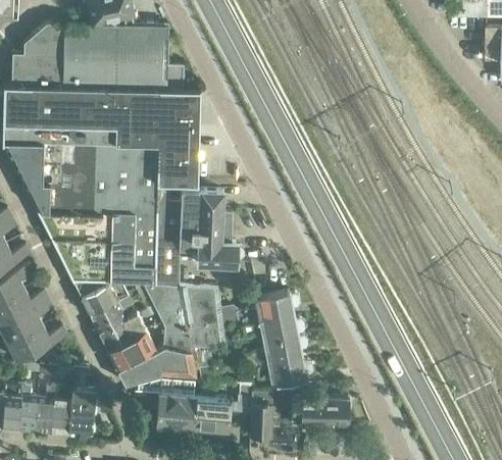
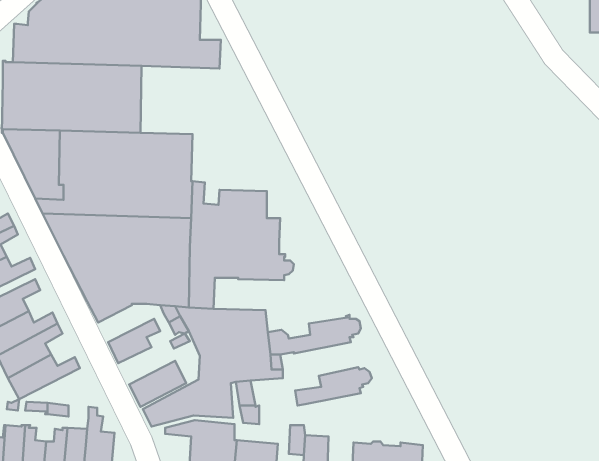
building: [116,89,200,185] -> none
building: [82,285,128,316] -> none
building: [98,314,145,351] -> none
building: [243,316,303,344] -> none
building: [252,358,312,387] -> none

